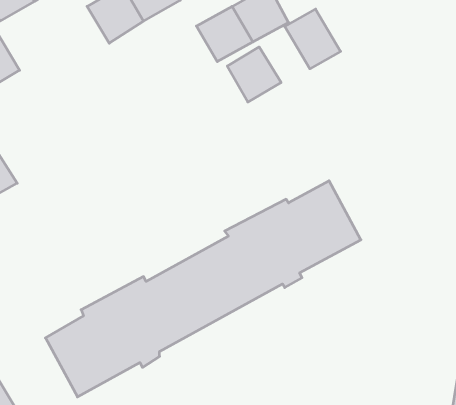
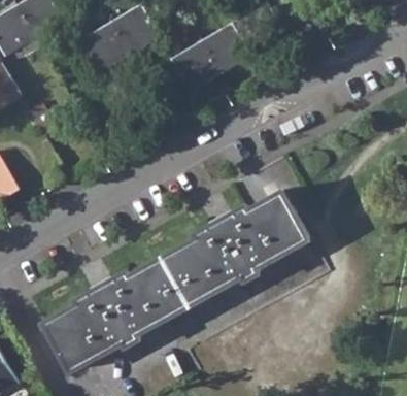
building: [285,9,341,69] -> none
building: [227,47,281,102] -> none

